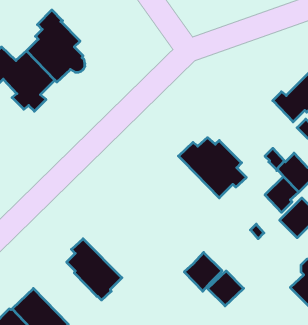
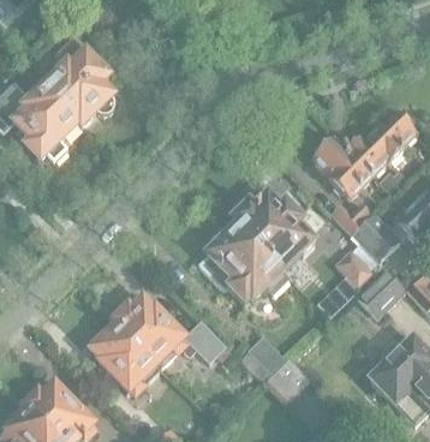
building: none -> [311,135,371,196]
building: none -> [196,221,289,301]
building: none -> [113,297,227,365]

